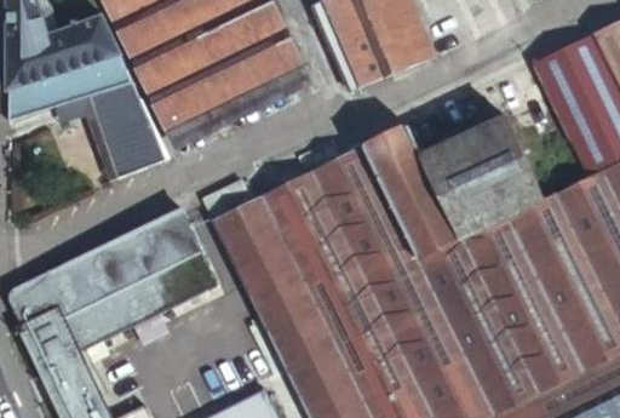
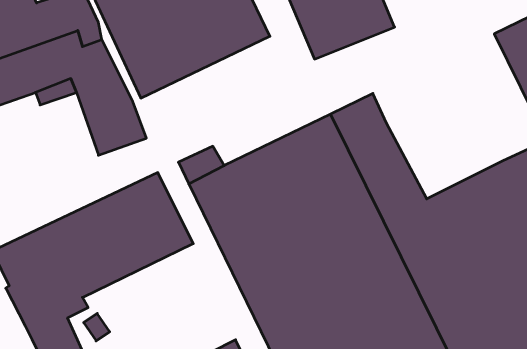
building: [424,115,546,236] -> none

